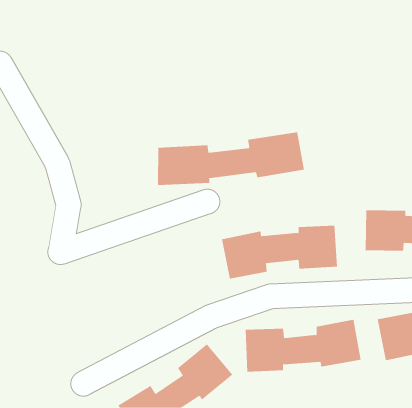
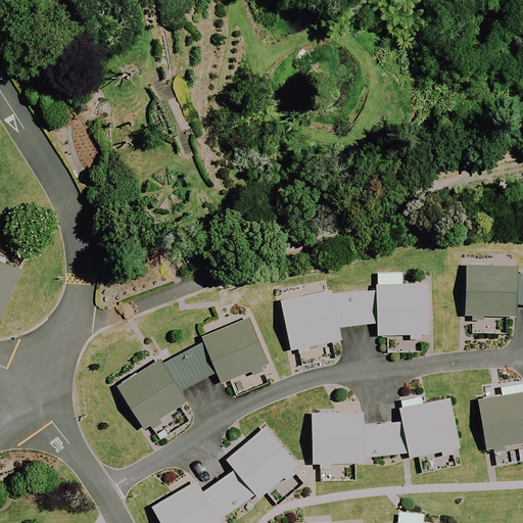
building: [158,132,305,186] -> none
building: none -> [115,317,265,428]

